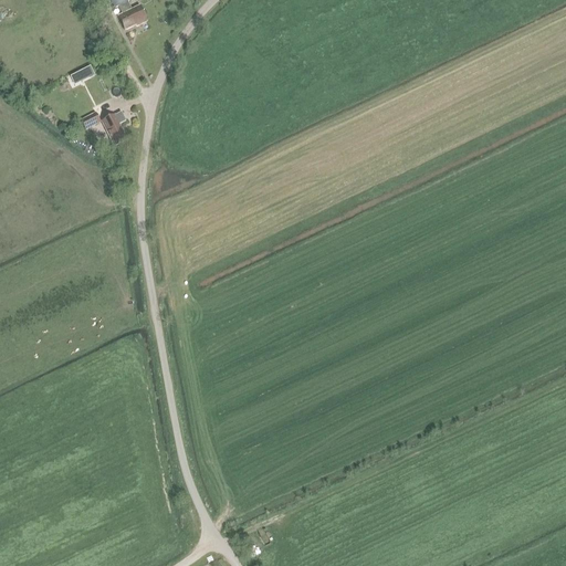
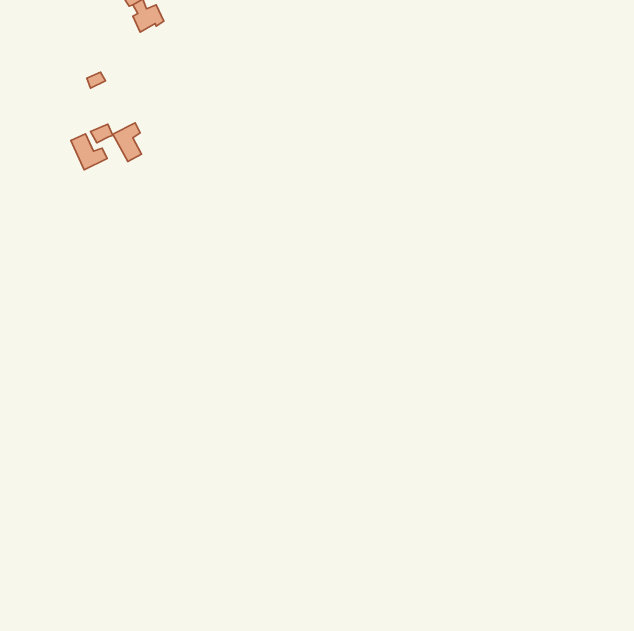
building: none -> [71,134,107,170]

